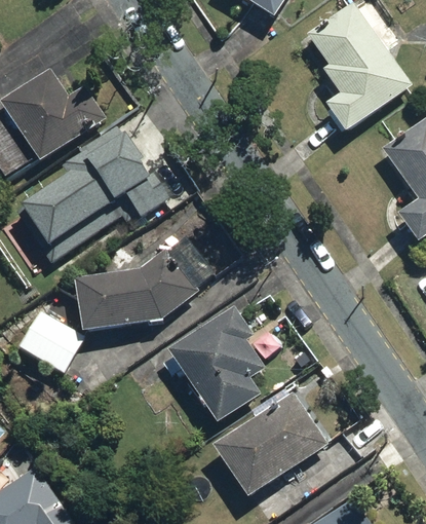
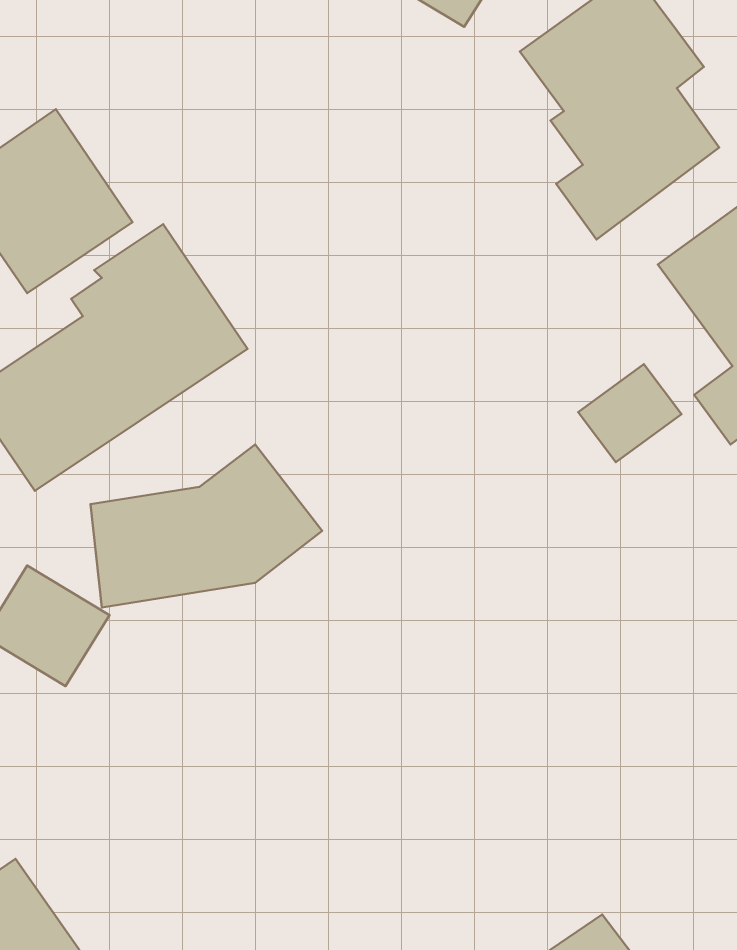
building: none -> [578,364,682,462]
building: [168,305,266,423] -> none
building: [211,389,330,498] -> none

